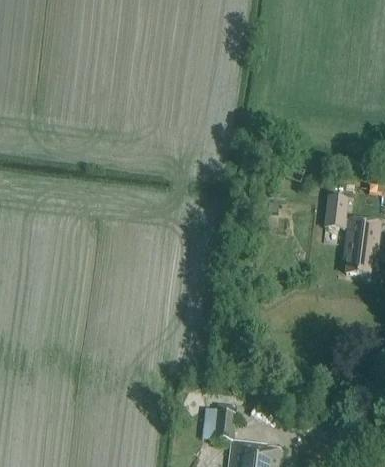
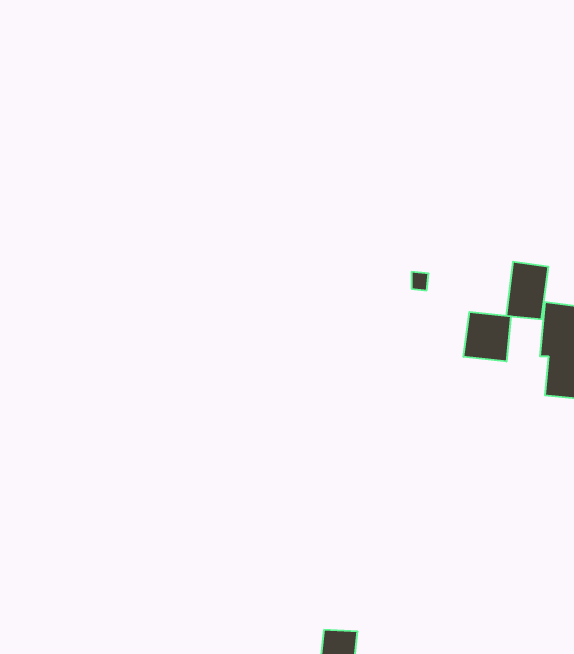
building: none -> [464,312,511,362]

